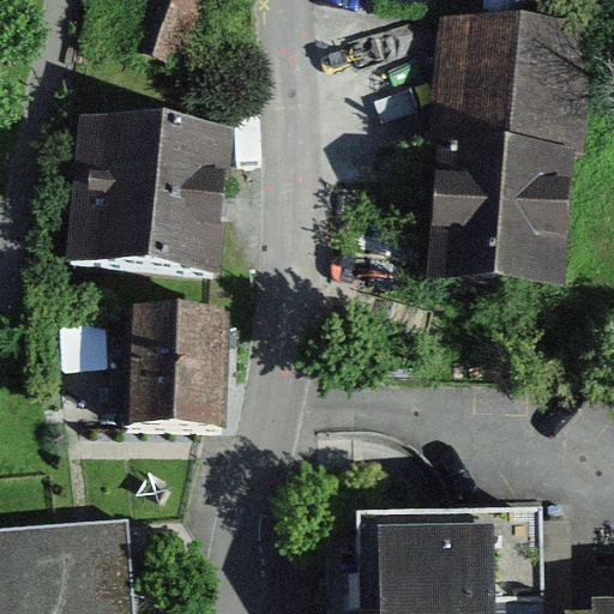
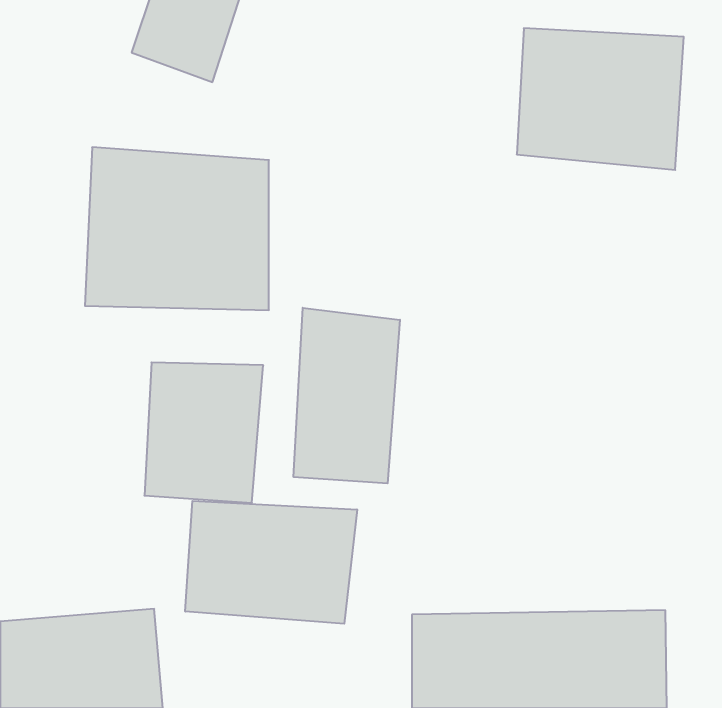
building: [433,131,573,289] -> none
building: none -> [294,308,400,483]
building: none -> [185,501,357,624]

